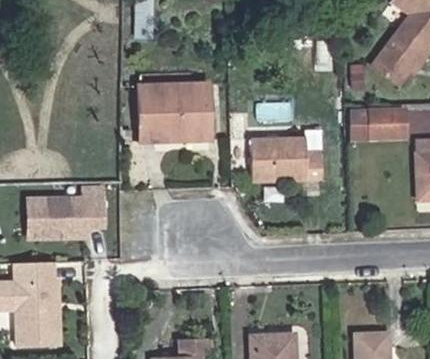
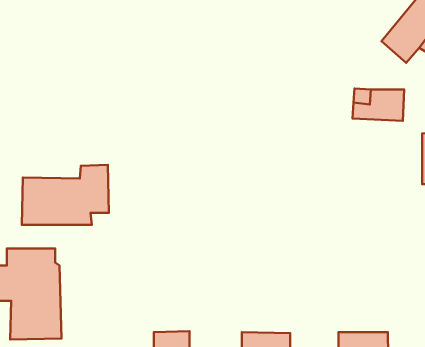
building: [137,72,198,132] -> none
building: [246,135,316,181] -> none

